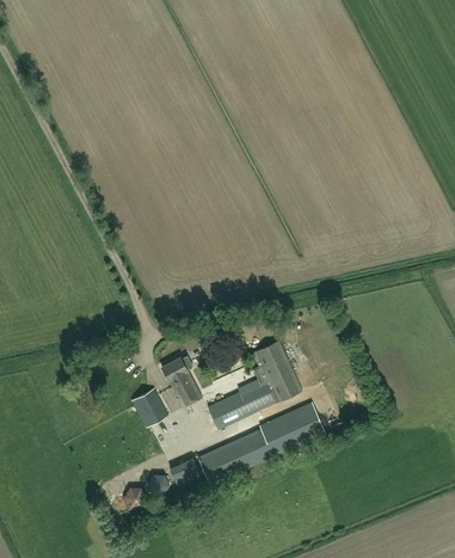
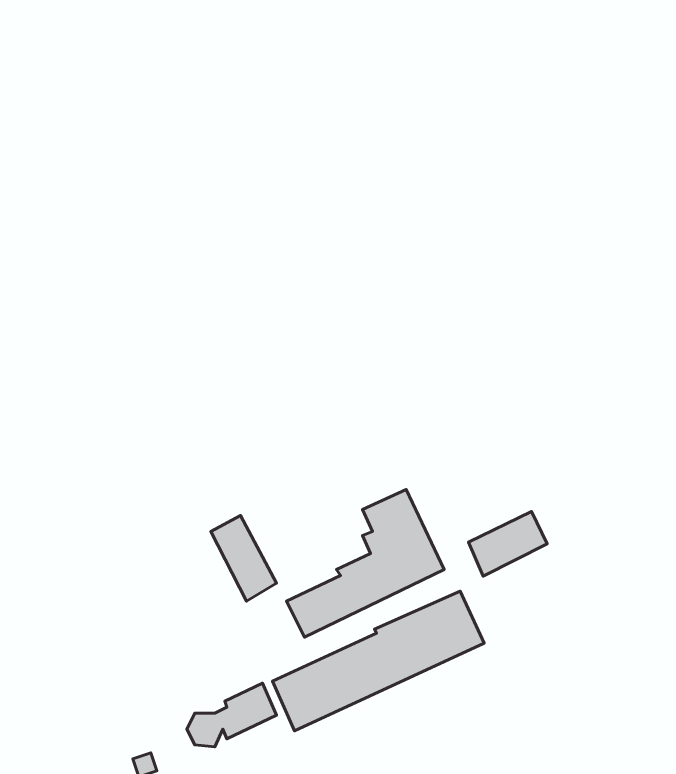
building: none -> [469,511,547,576]
building: [131,388,167,427] -> none

